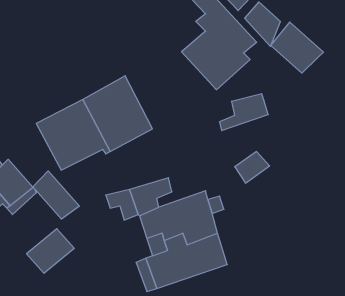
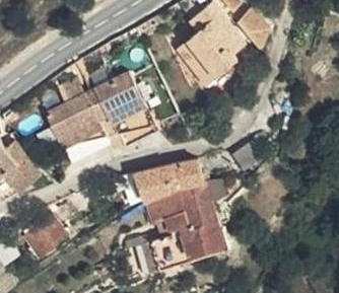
building: [271,22,323,73] -> none
building: [219,94,268,131] -> [154,160,200,195]
building: [33,171,79,219] -> none

